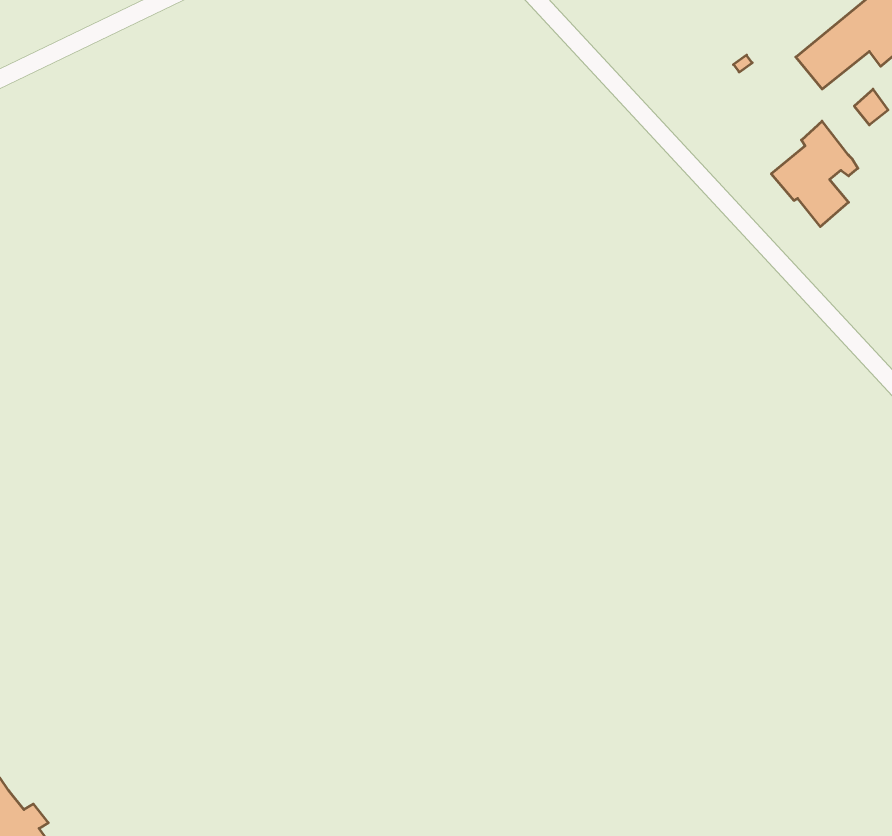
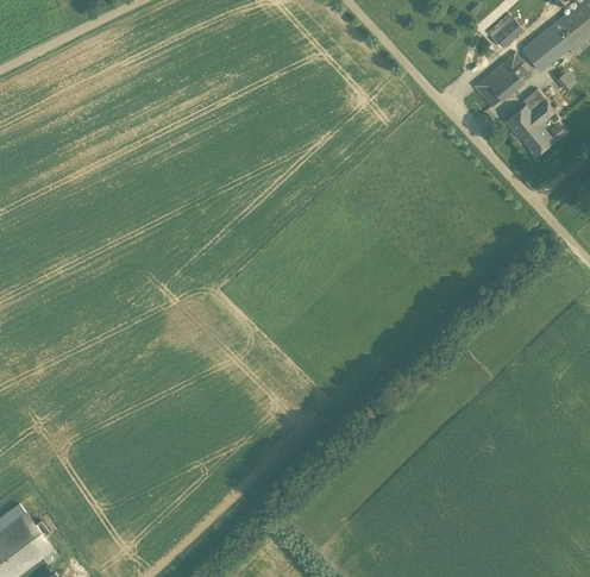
building: none -> [491,18,525,51]
building: none -> [475,52,532,107]

